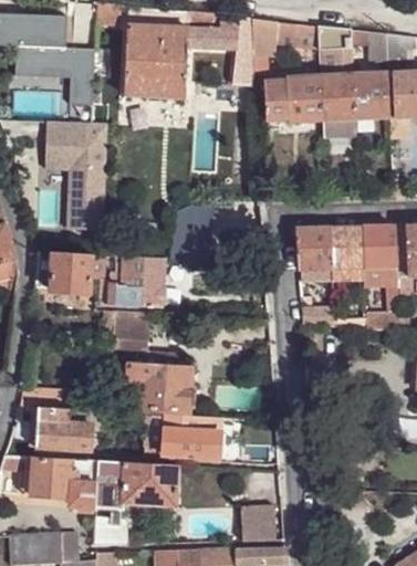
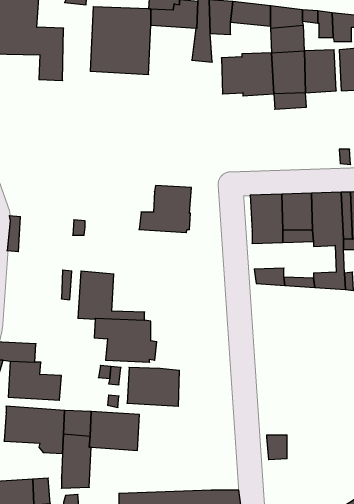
building: [44,122,108,232] -> none
building: [51,254,93,294] -> none
building: [108,258,165,308] -> [139,186,191,233]
building: [240,505,275,542] -> none

